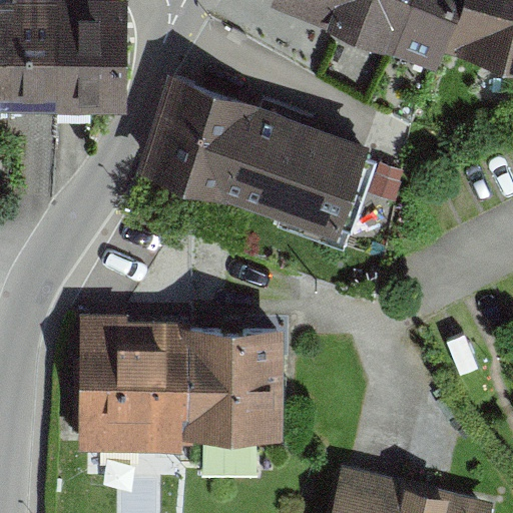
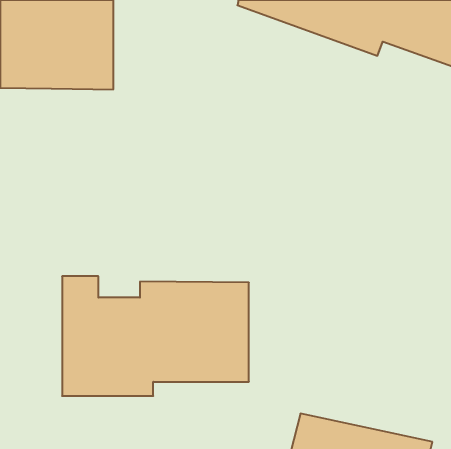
building: [139,77,360,217] -> none

